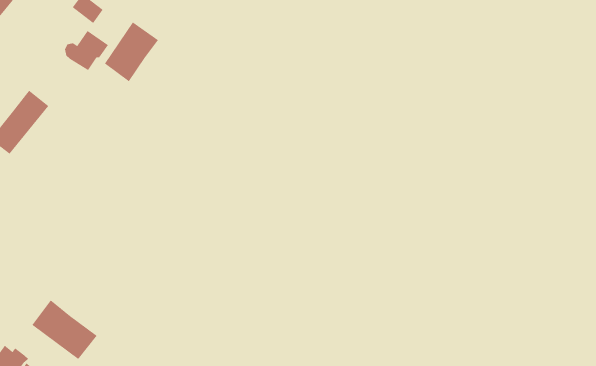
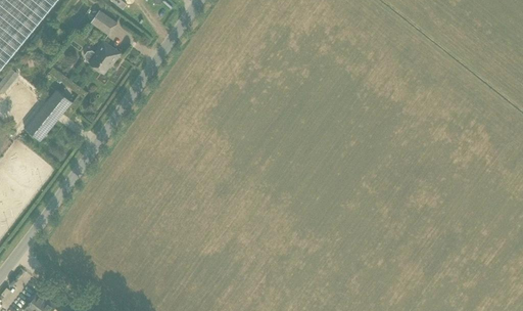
building: [104,22,159,82] -> none
building: [31,300,98,360] -> none

